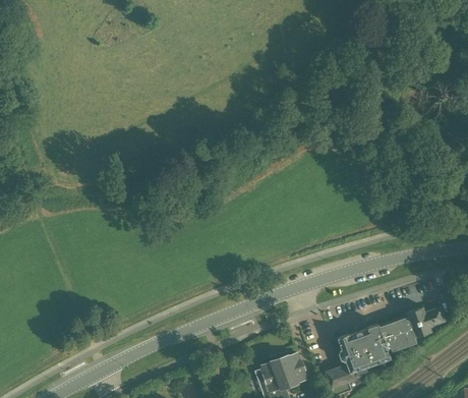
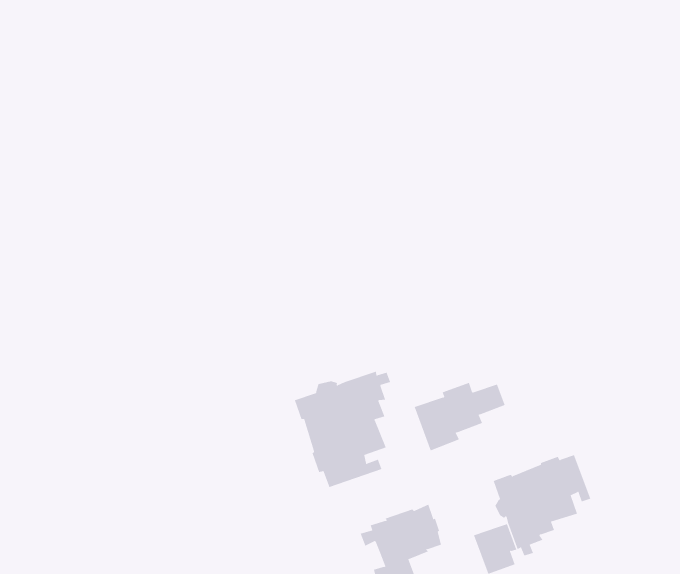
building: none -> [294,371,391,488]
building: [388,307,445,350] -> [414,382,506,451]

